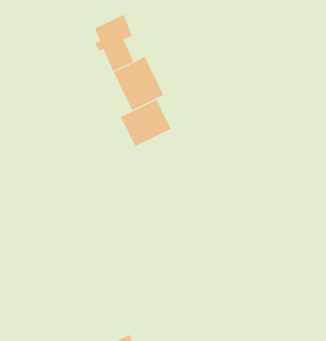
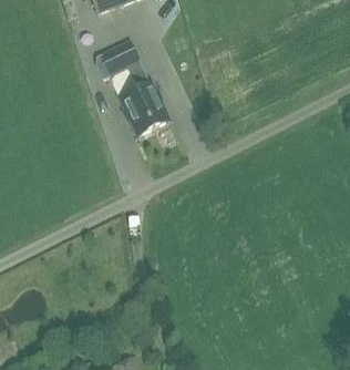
building: [120,99,171,147] -> none

